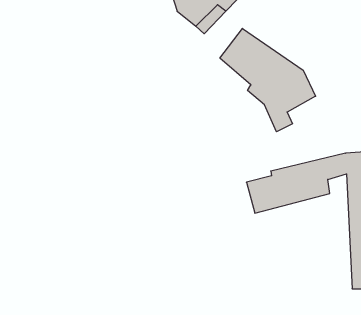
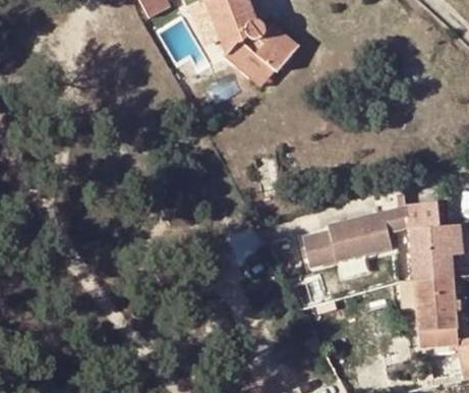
building: [220,28,316,132] -> none

